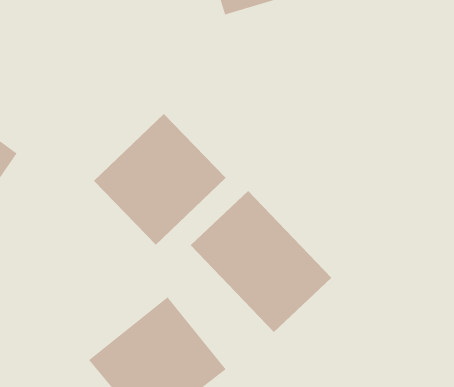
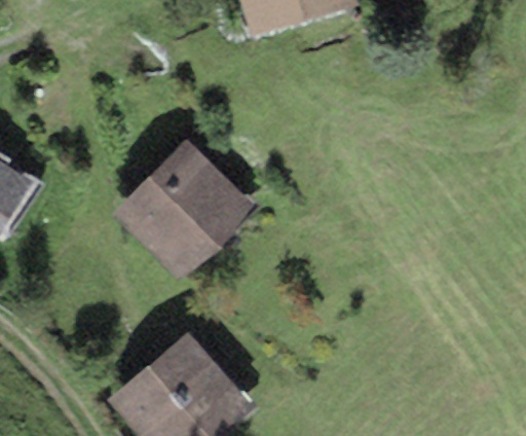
building: [190,190,332,333] -> none

